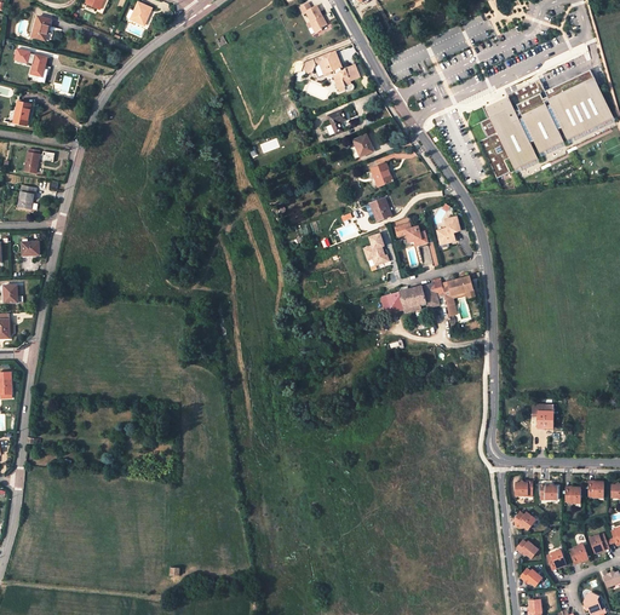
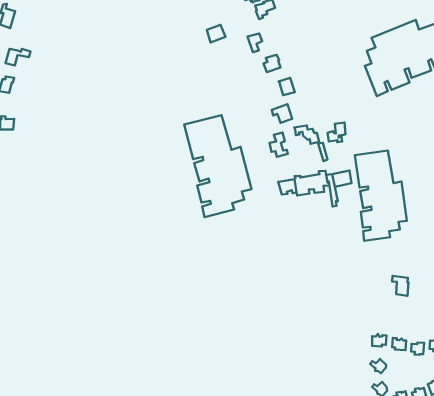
building: none -> [184,115,251,217]
building: none -> [355,151,407,241]

